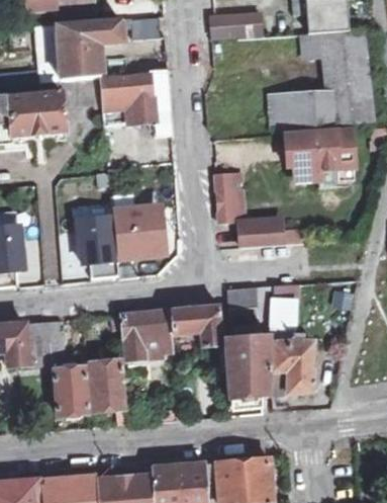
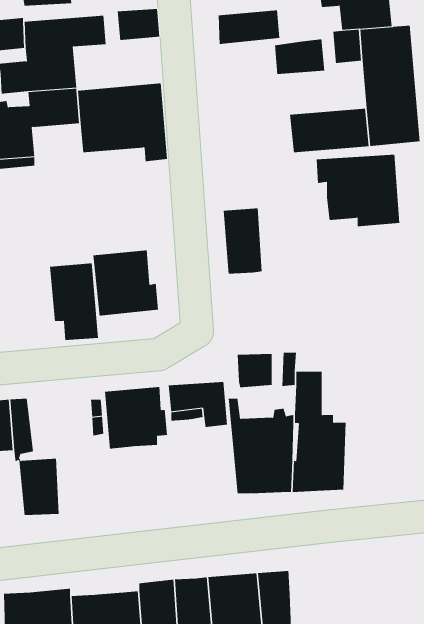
building: none -> [274,39,325,75]
building: [239,219,281,244] -> none
building: [89,360,124,411] -> none

